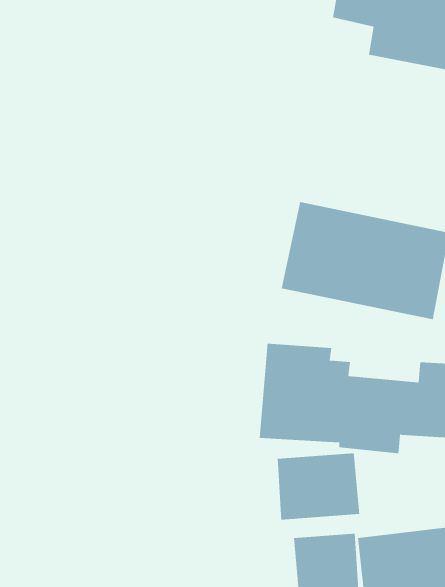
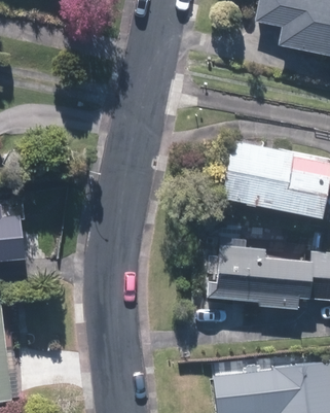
building: [277,452,360,521] -> none

